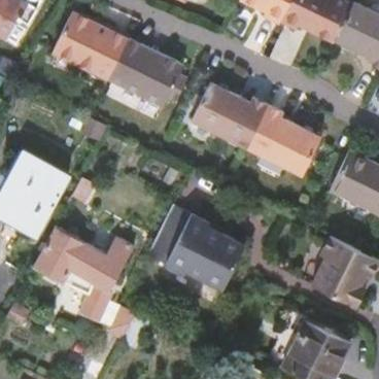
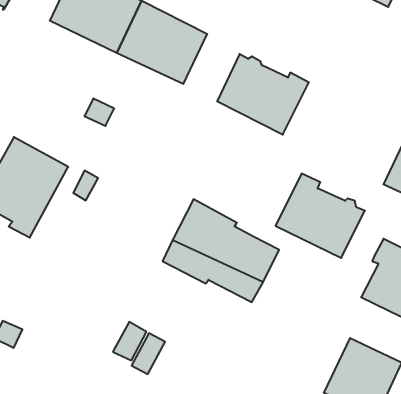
building: [246,106,320,176] -> [276,174,365,258]
building: [34,229,134,322] -> none

